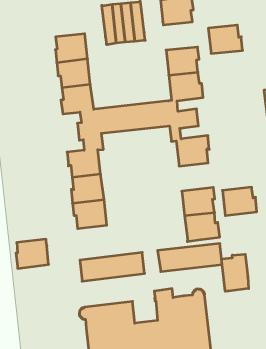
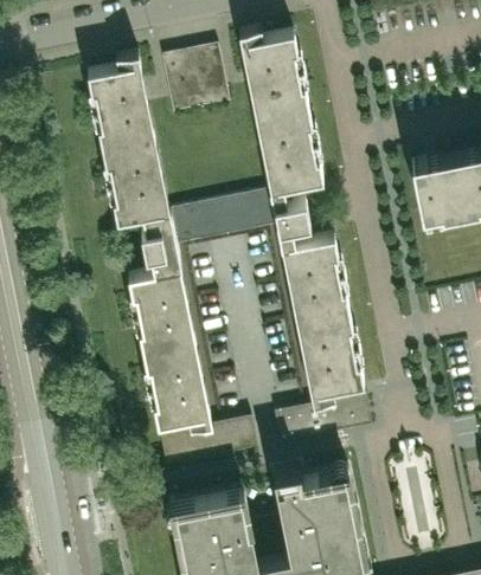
building: none -> [88,62,140,106]
building: [208,25,243,53] -> [255,67,308,112]
building: [222,187,257,216] -> [295,273,348,318]
building: [16,239,49,268] -> [153,377,203,424]
building: [222,254,249,291] -> none

